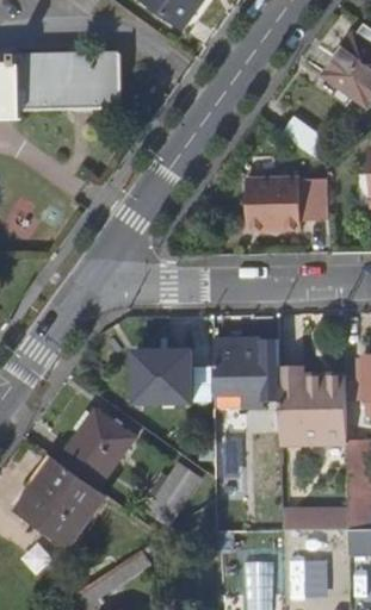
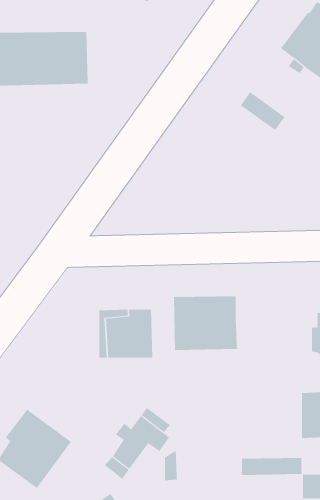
building: [247,178,329,230] -> none
building: [278,362,346,440] -> none
building: [56,407,136,490] -> none

